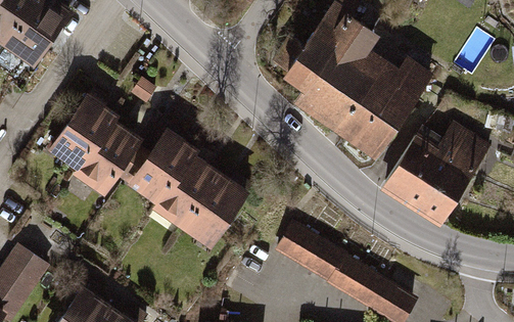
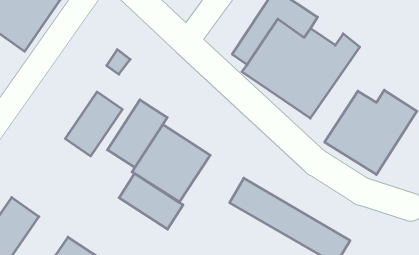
building: [55,95,125,171] -> none
building: none -> [119,174,183,229]

